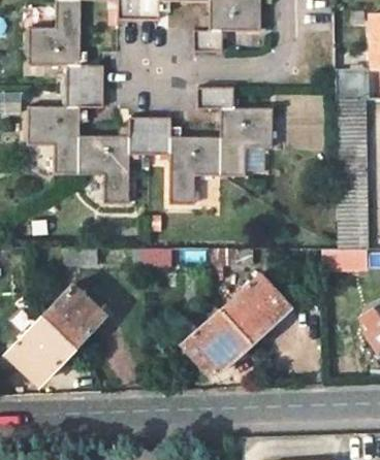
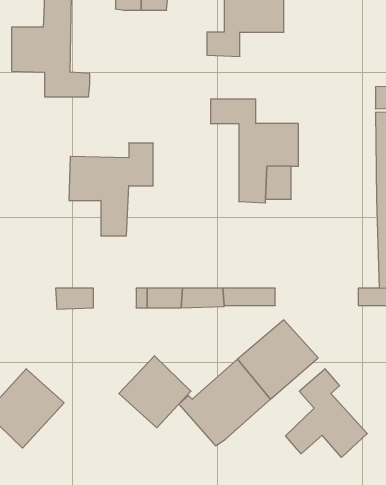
building: [28,86,95,173] -> none
building: [150,125,222,203] -> none
building: [42,284,103,344] -> [119,356,191,428]
building: none -> [286,369,367,457]

